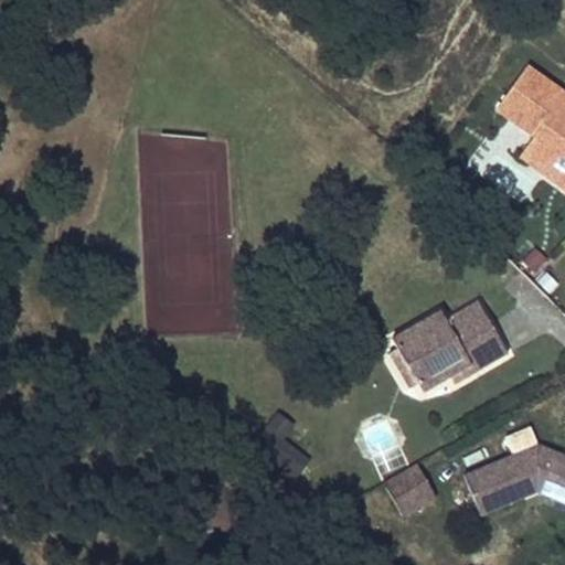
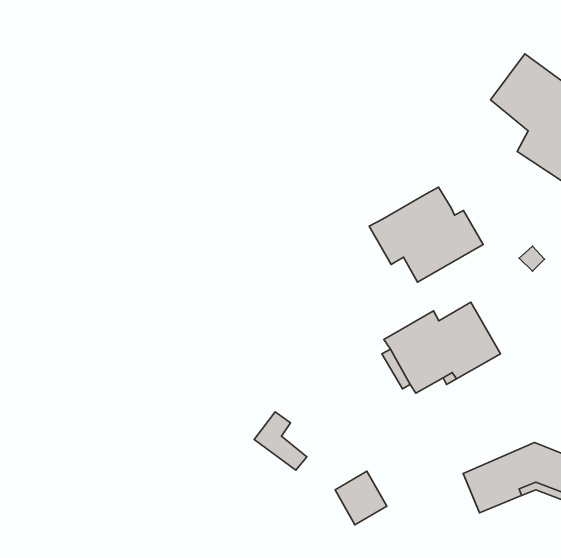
building: none -> [369,187,483,282]
building: [386,462,438,516] -> [335,471,387,525]

